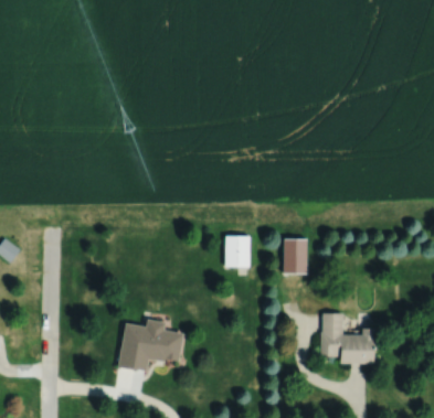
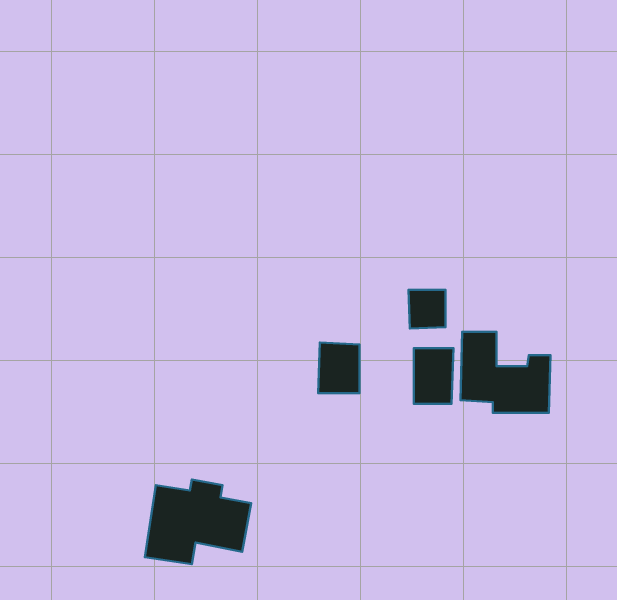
building: none -> [408,290,445,328]
building: [320,313,375,363] -> [460,332,551,413]

